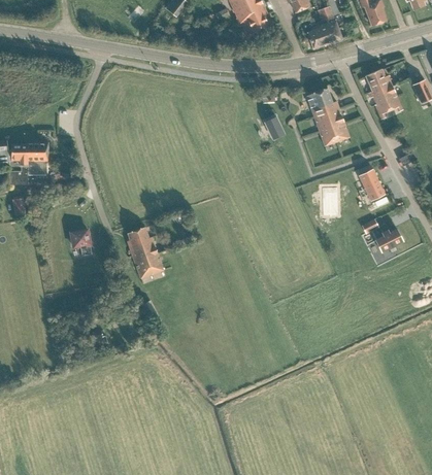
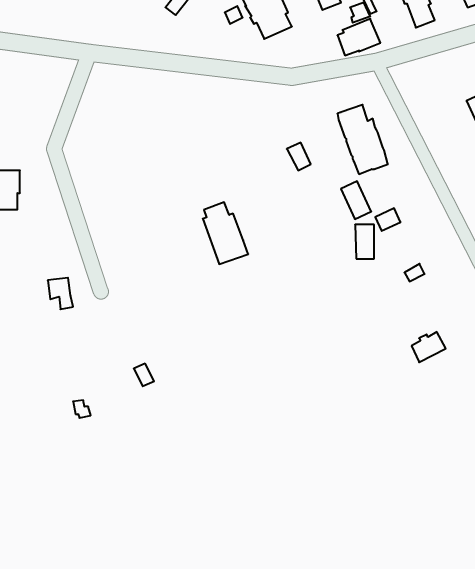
building: [365,67,402,117] -> none
building: [360,169,385,200] -> [341,181,371,219]
building: [127,226,164,276] -> [203,202,248,264]
building: [375,227,403,251] -> [412,332,446,362]

